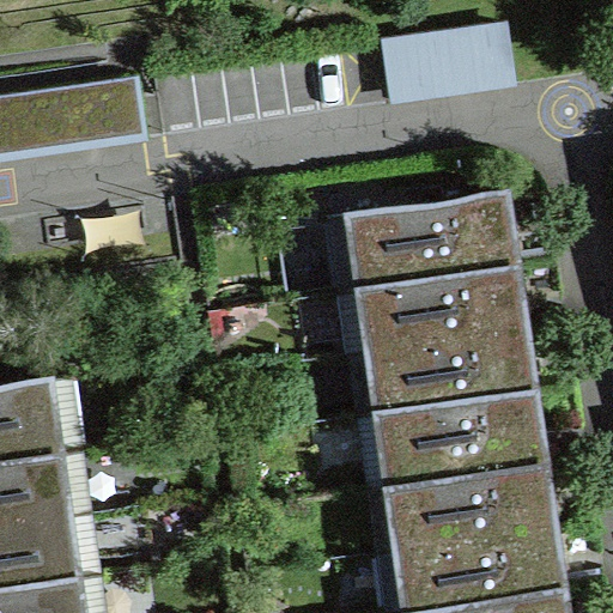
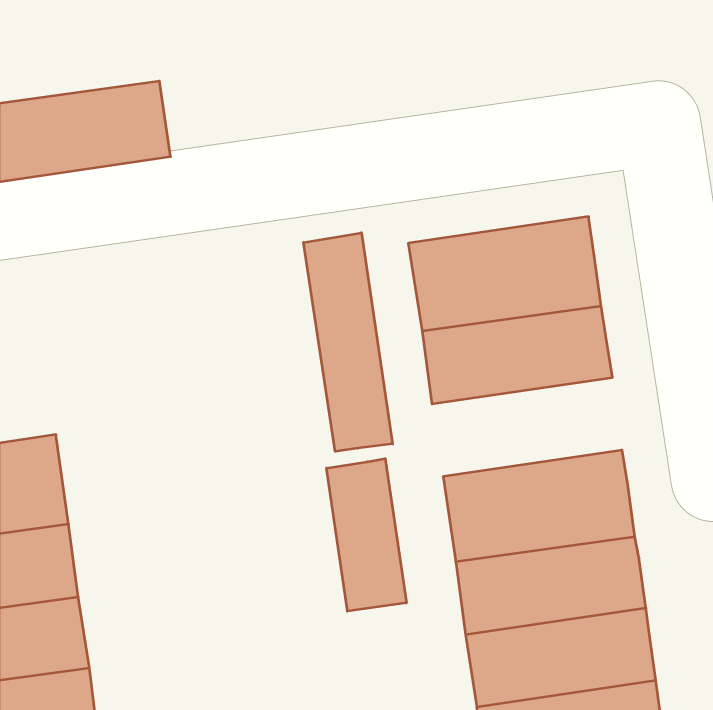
building: [382,25,516,103] -> none
building: none -> [304,233,393,451]
building: [370,327,533,412] -> none
building: none -> [327,459,406,611]

